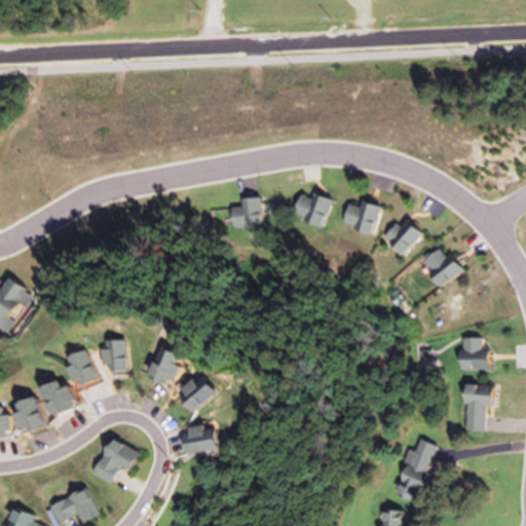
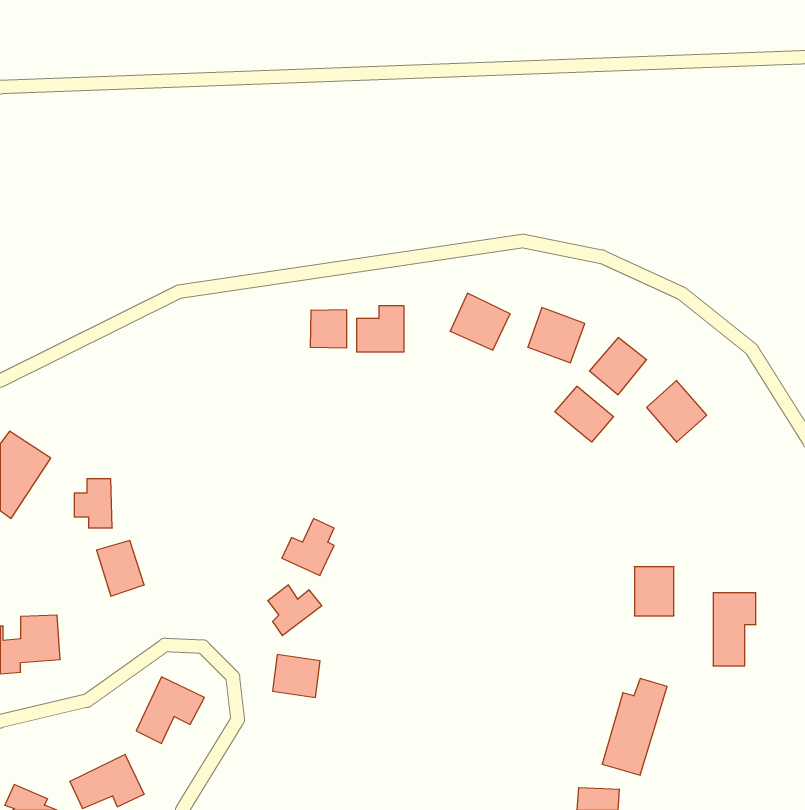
building: none -> [311,310,347,348]
building: none -> [555,386,614,442]
building: [462,338,488,370] -> [634,567,674,616]
building: [102,340,126,372] -> [74,479,112,528]
building: [143,349,177,386] -> [282,519,334,576]
building: [40,379,73,414] -> none

